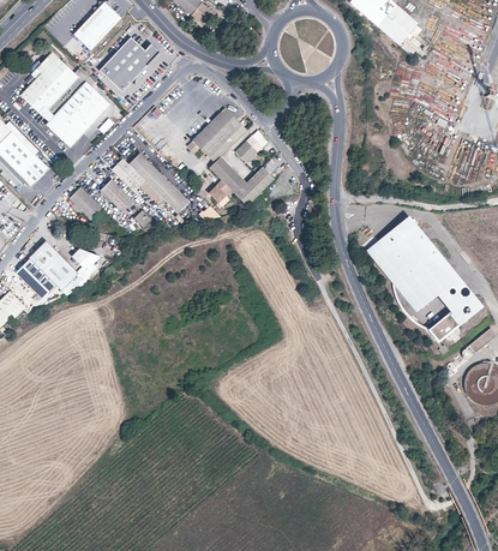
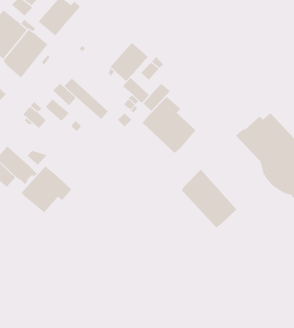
building: none -> [142,96,196,154]
building: none -> [21,165,72,213]
building: none -> [181,169,237,228]

